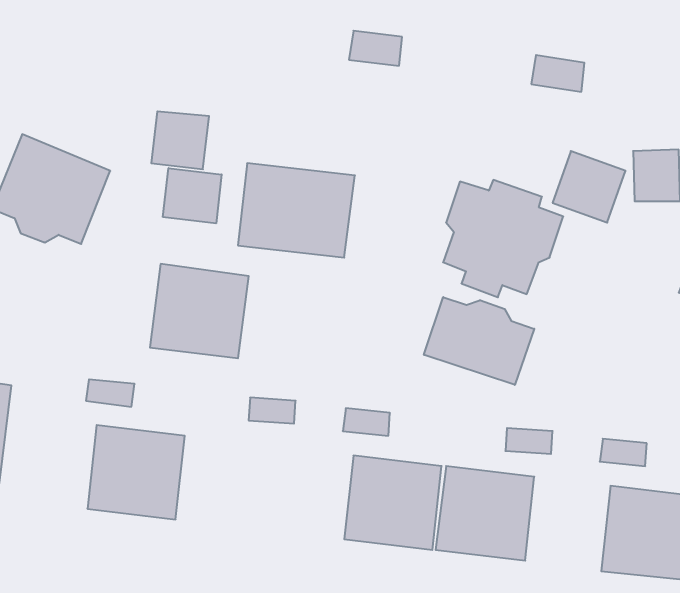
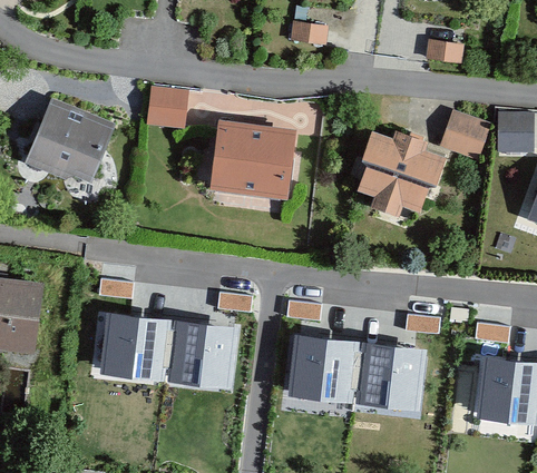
building: [163,168,222,223] -> none
building: [150,264,249,358] -> [165,319,237,388]
building: [424,297,534,385] -> none

